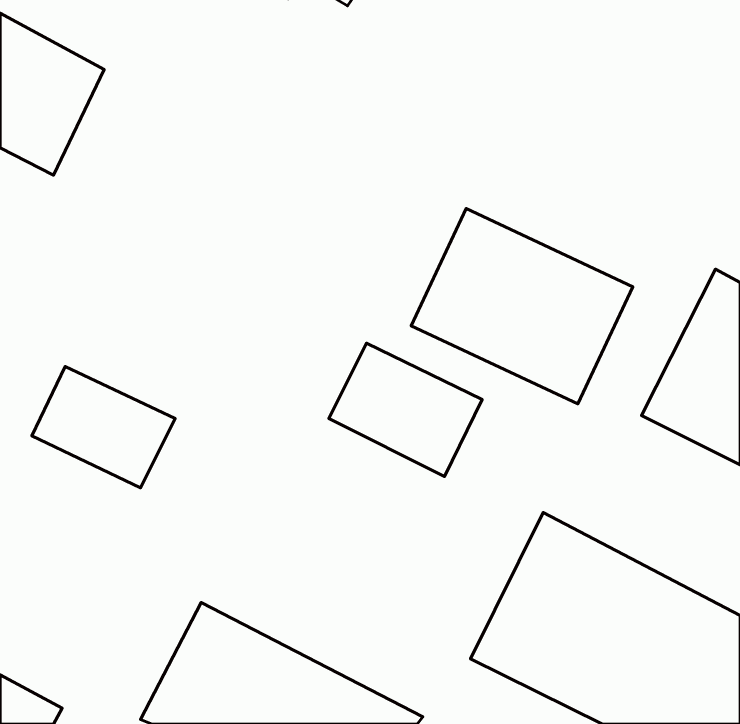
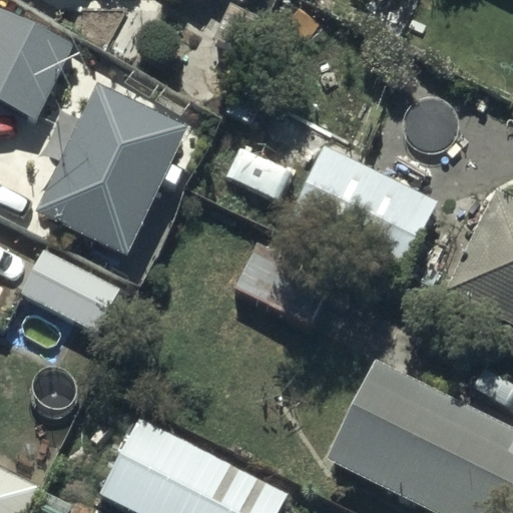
building: none -> [35,92,187,261]

